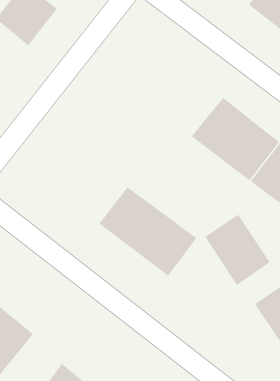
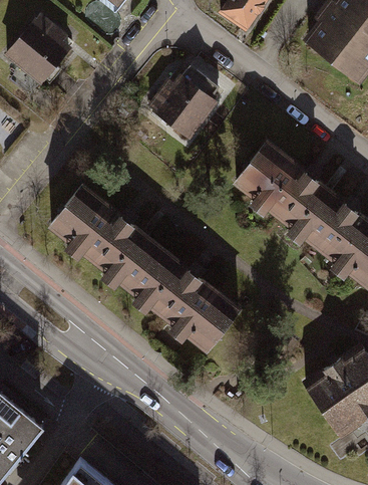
building: none -> [149,67,224,138]
building: none -> [44,185,158,292]
building: [205,214,271,286] -> none

